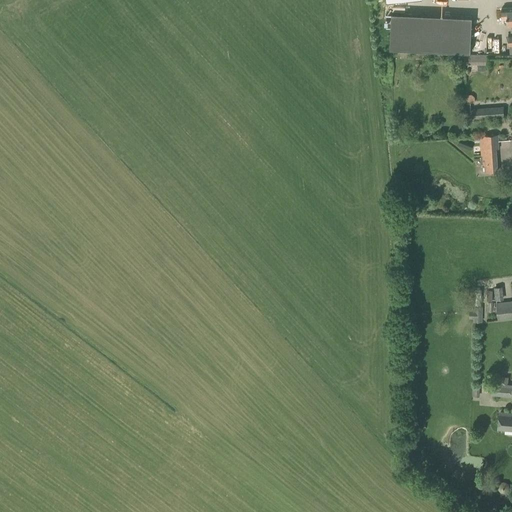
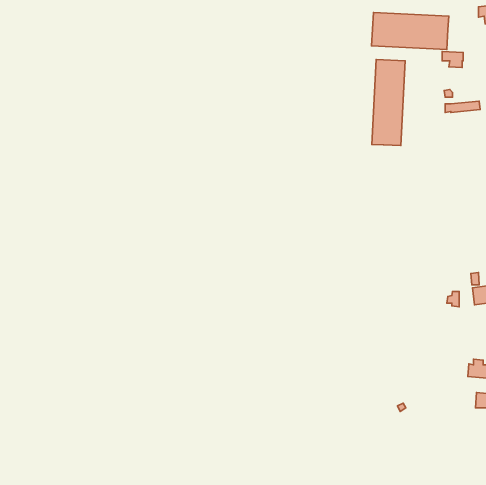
building: none -> [372,59,405,146]
building: [481,136,500,174] -> none

